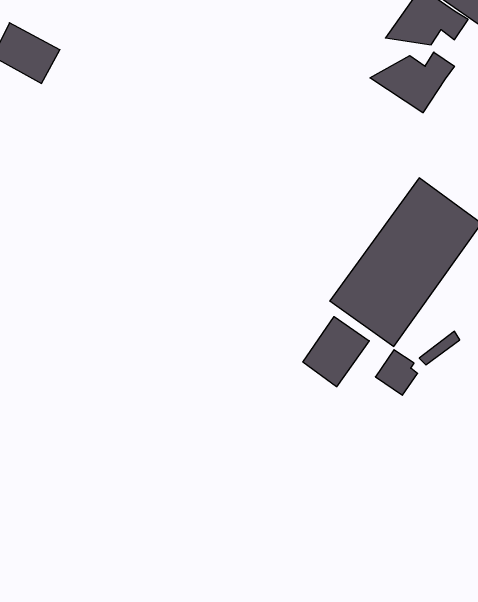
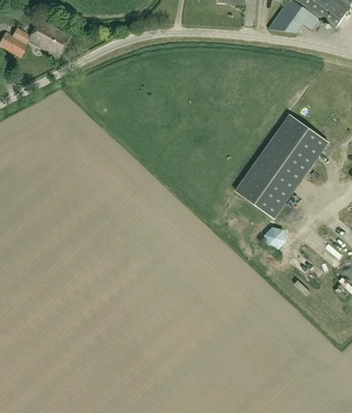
building: [370,52,454,113] -> none
building: [303,317,369,387] -> none

